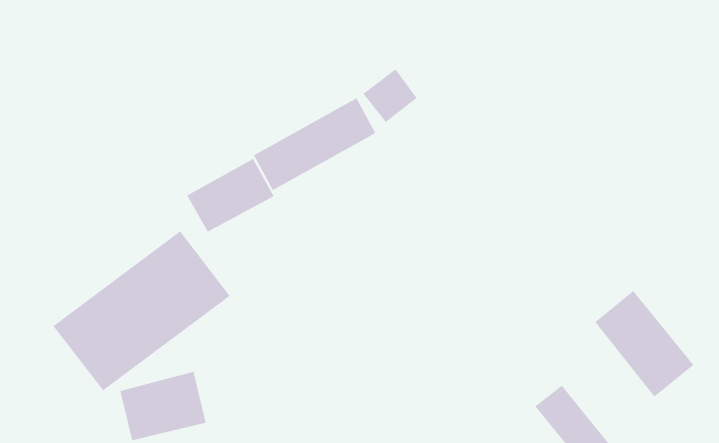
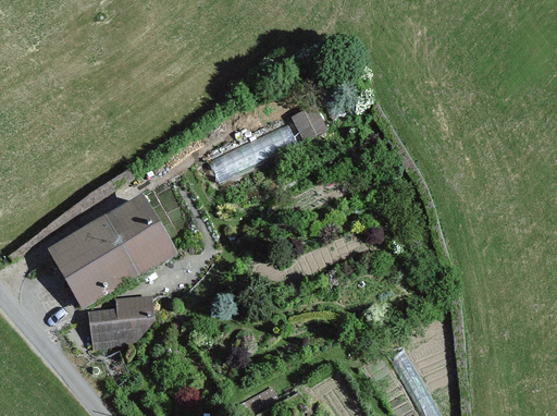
building: [187,158,275,233] -> none
building: [594,290,694,398] -> none

